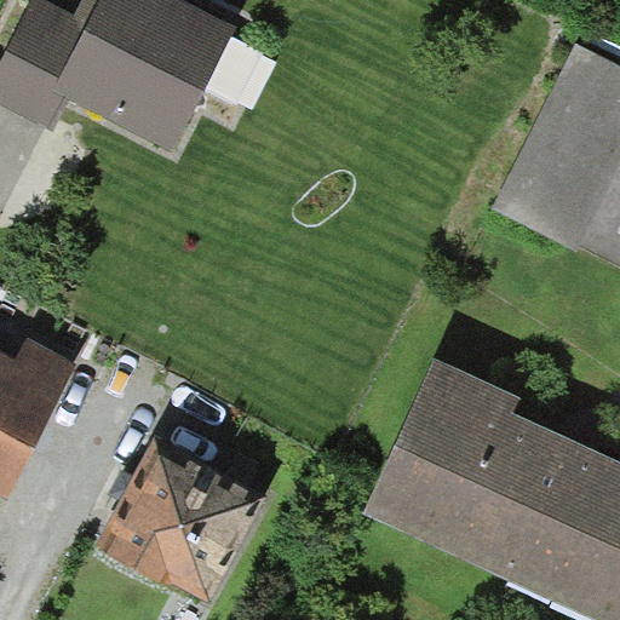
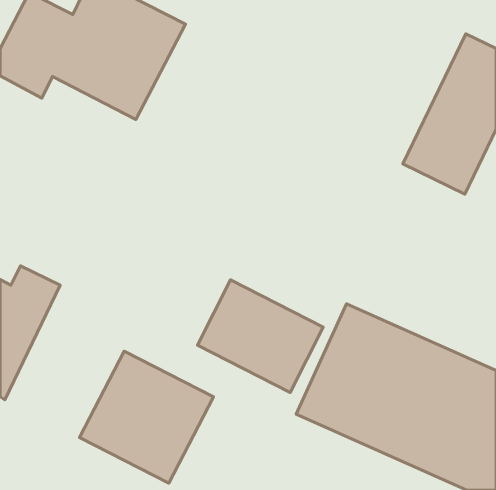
building: none -> [198,280,323,392]

